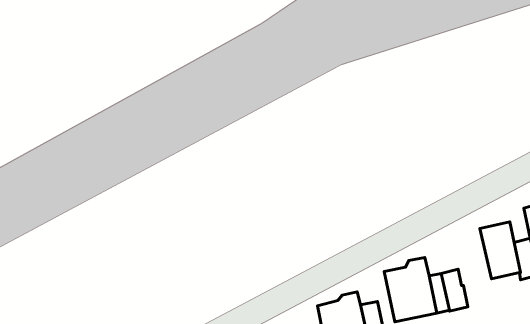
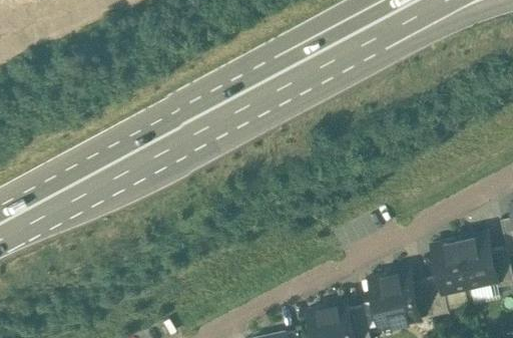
building: none -> [433,241,471,294]

